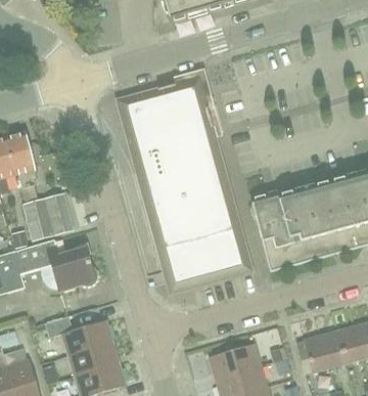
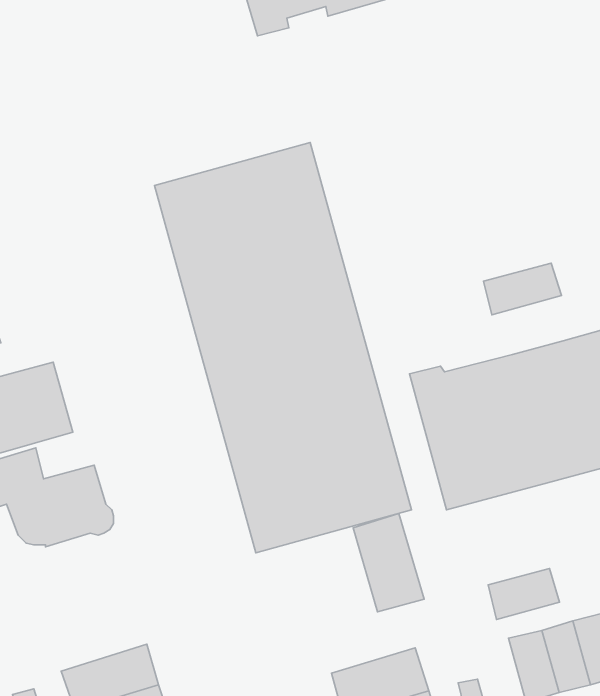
building: none -> [483,263,561,315]
building: none -> [353,513,424,612]
building: none -> [488,569,559,619]
building: [45,315,113,355] -> none

